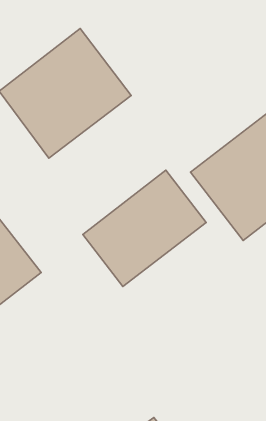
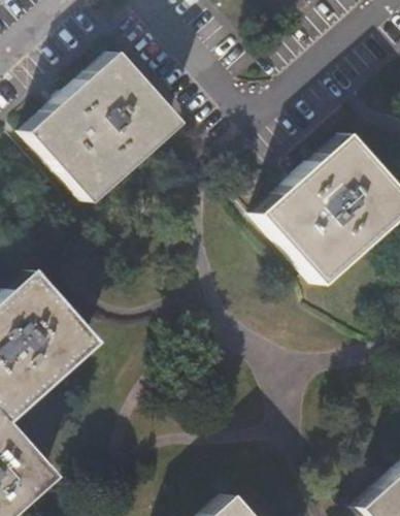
building: [83,170,206,287] -> none

